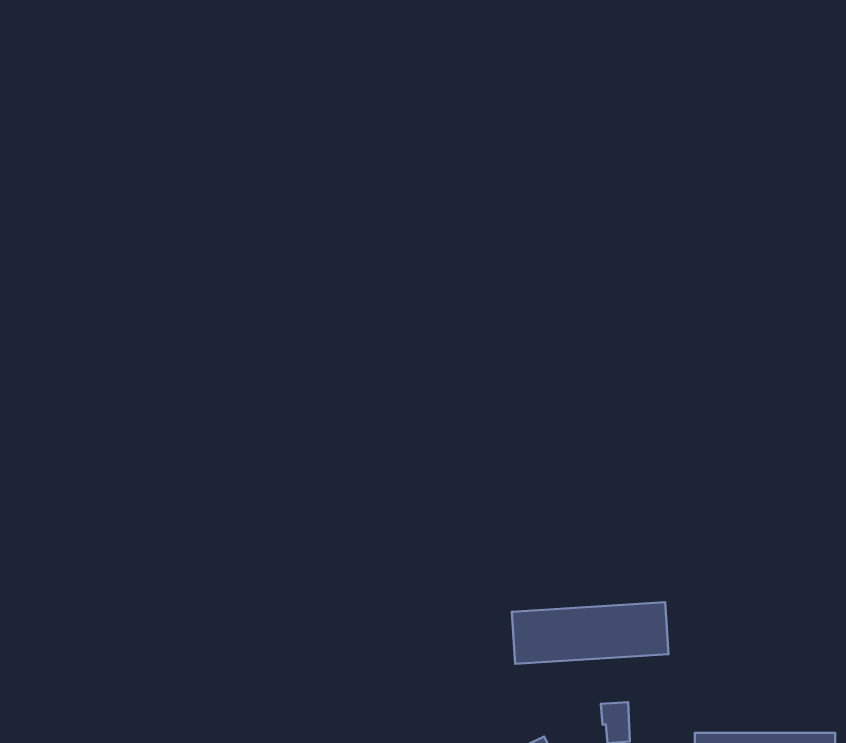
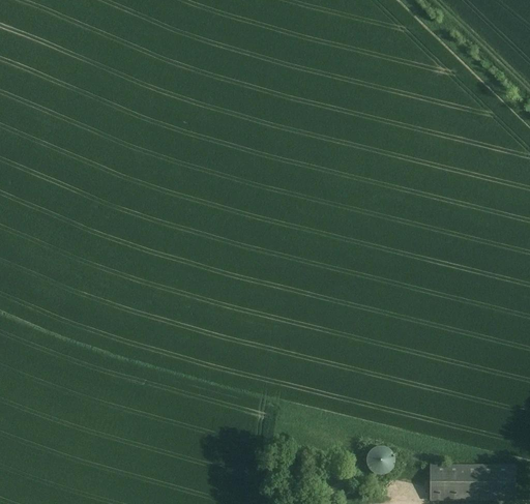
building: [512,602,669,664] -> none

